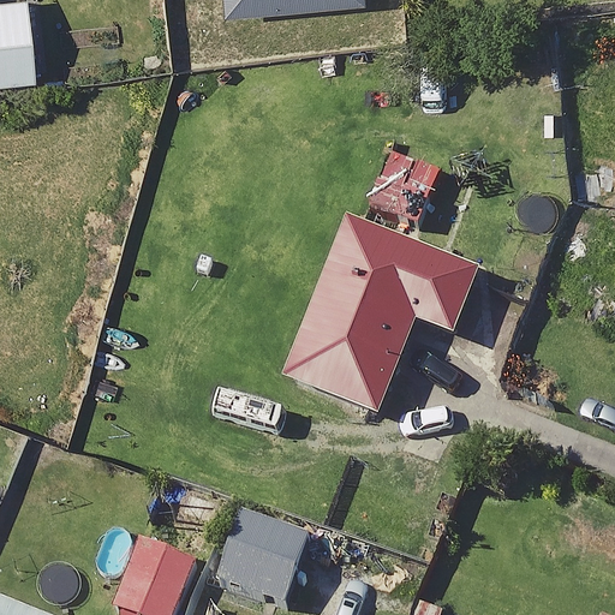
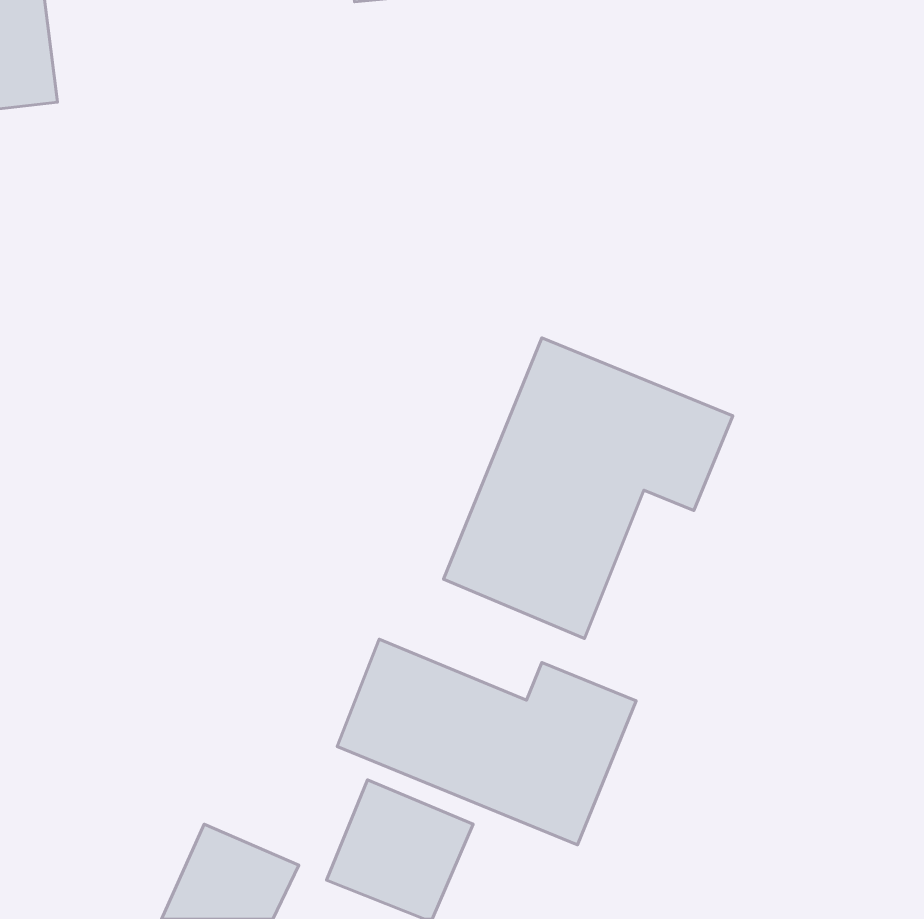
building: none -> [337,639,636,845]

